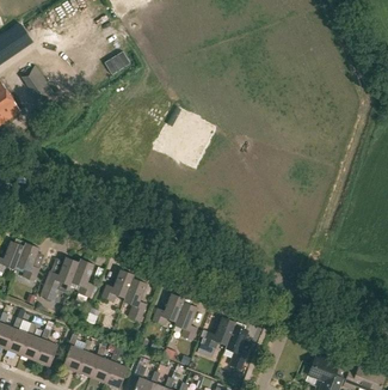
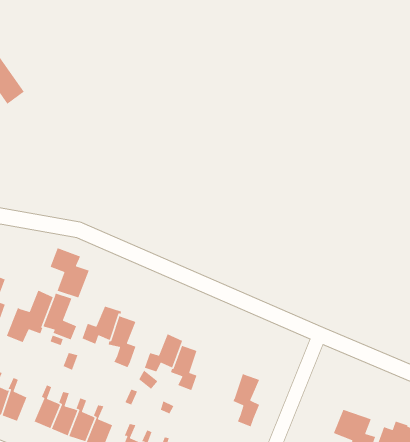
building: none -> [49,247,90,299]
building: [203,316,236,348] -> none

